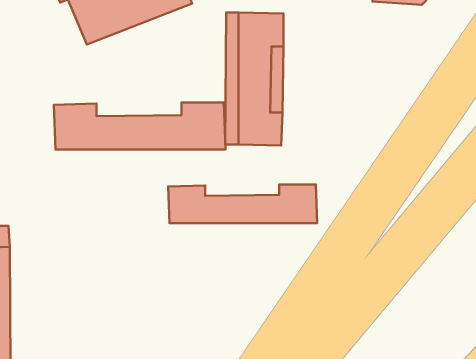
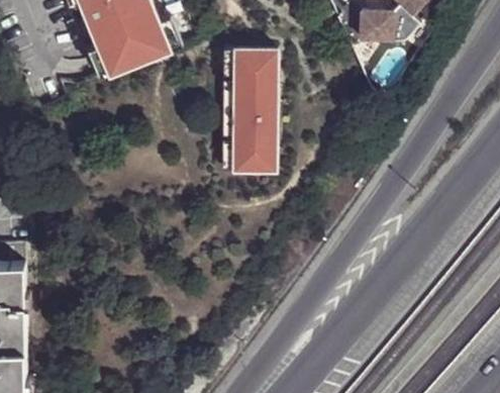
building: [54,103,225,150] -> none
building: [168,185,317,223] -> none

